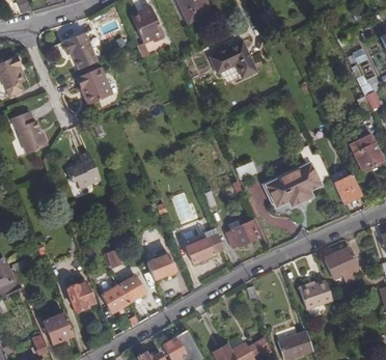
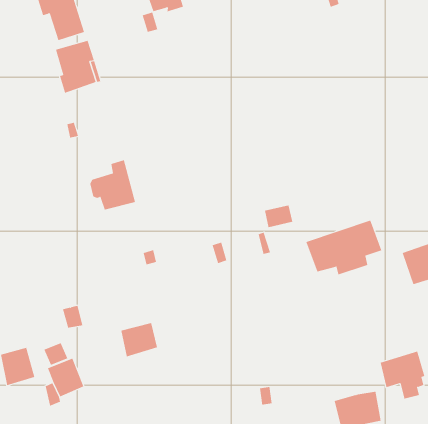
building: [209,40,252,75] -> none
building: [67,151,101,188] -> [89,159,136,210]
building: [226,220,259,247] -> none
building: [187,233,223,262] -> none
building: [118,274,145,302] -> none

